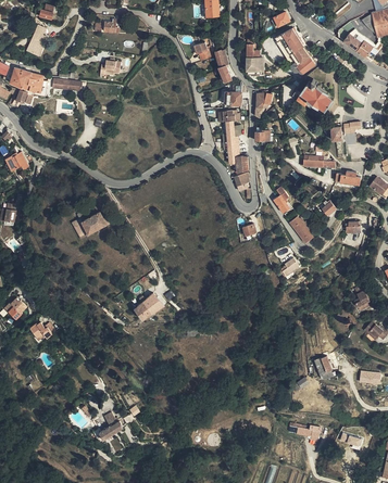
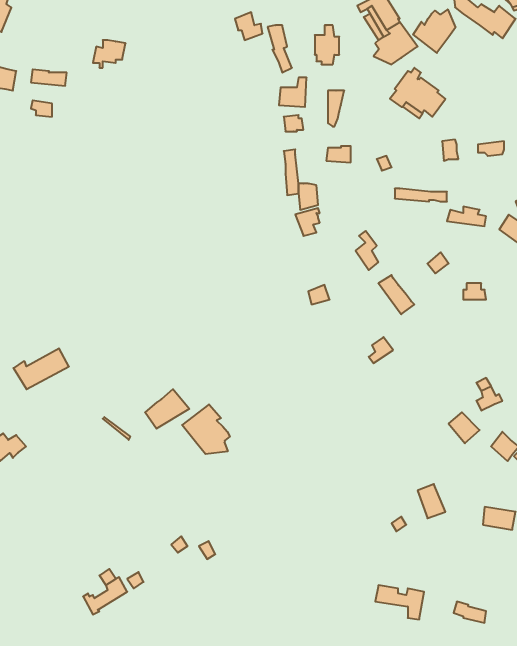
building: none -> [413,9,455,53]
building: [72,209,109,237] -> [13,348,69,389]
building: none -> [182,404,230,454]

